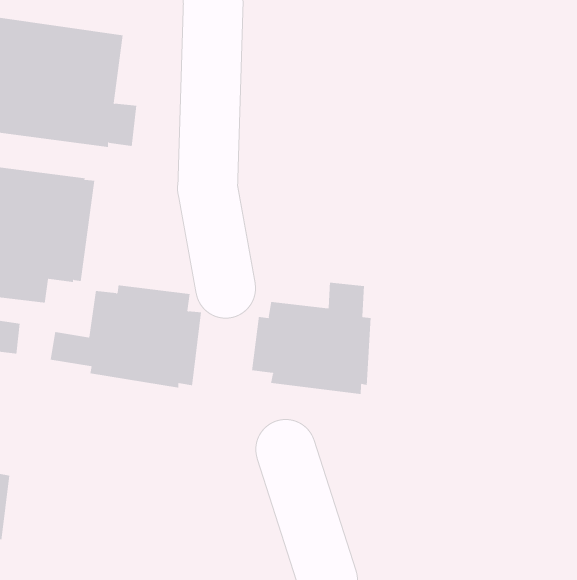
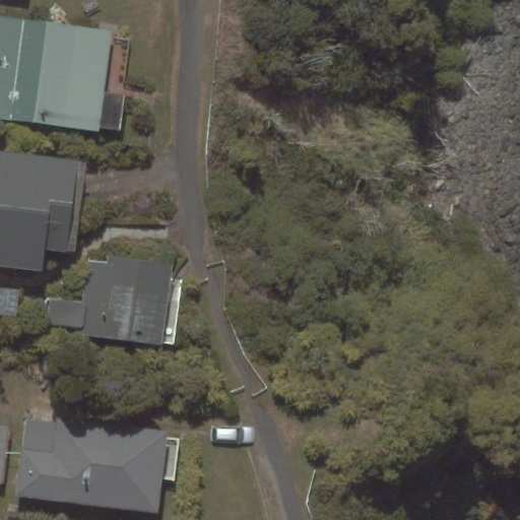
building: [252,282,371,395] -> none
building: none -> [14,417,166,512]

